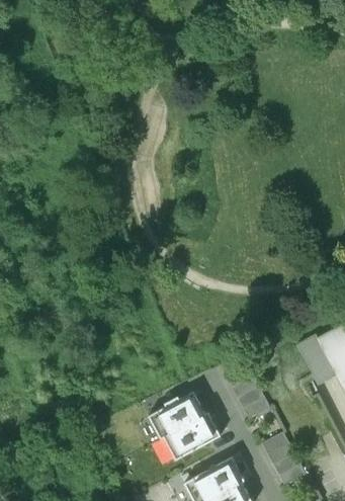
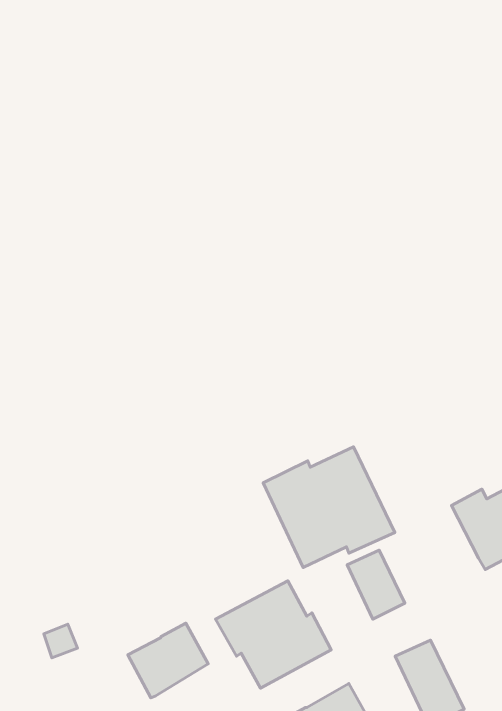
building: none -> [263,447,395,567]
building: none -> [128,623,208,698]

